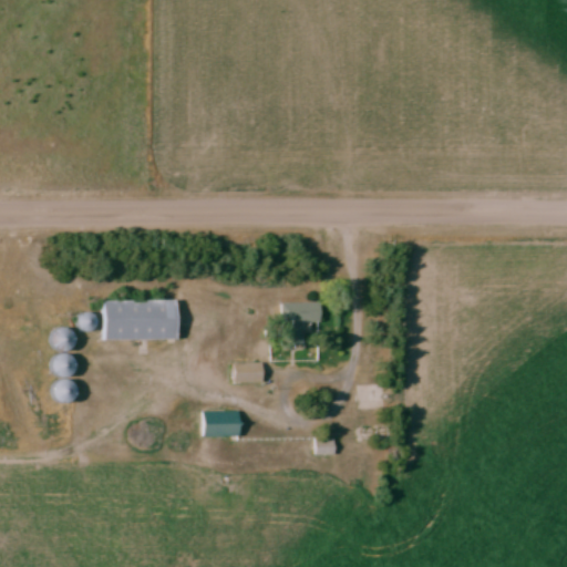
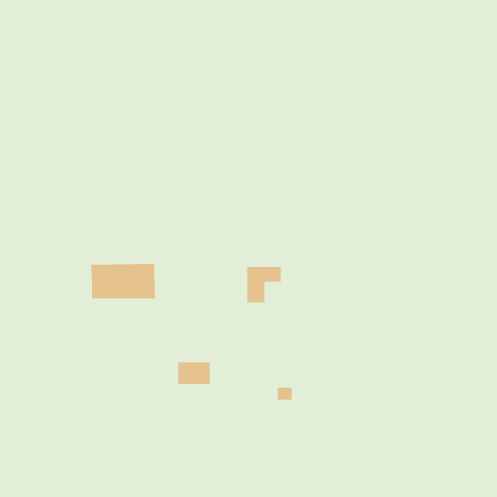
building: [50,324,79,404] -> none
building: [234,362,264,382] -> none

